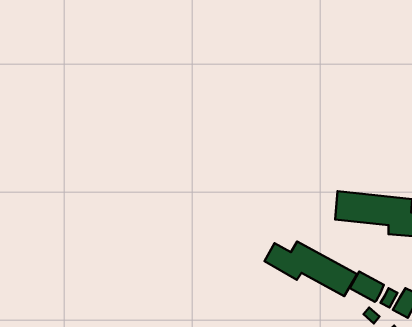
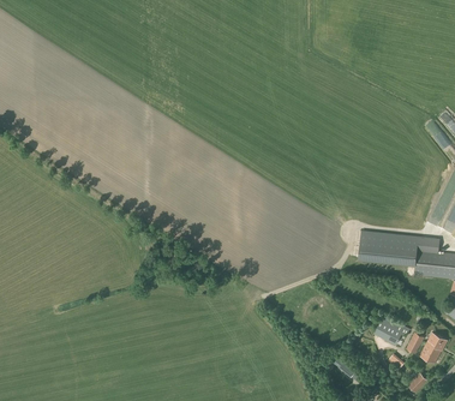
building: [264,241,357,296] -> none

